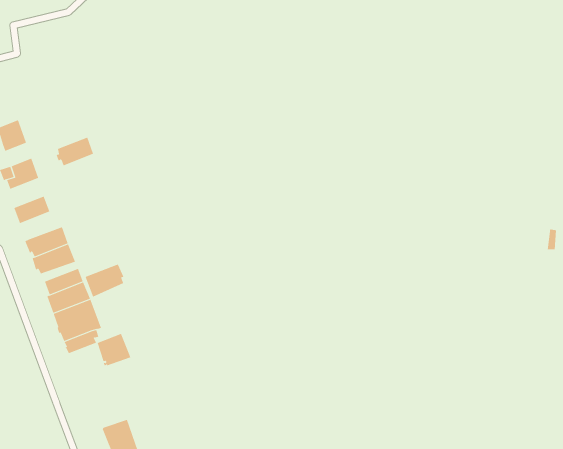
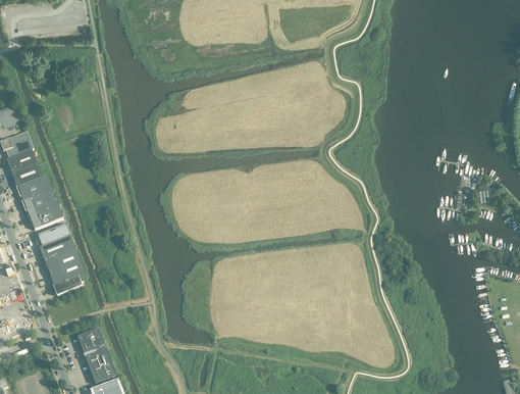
building: [56,137,94,166] -> [5,149,37,174]
building: none -> [15,176,52,200]
building: [85,264,124,298] -> none
building: [97,333,131,366] -> [77,329,106,356]

